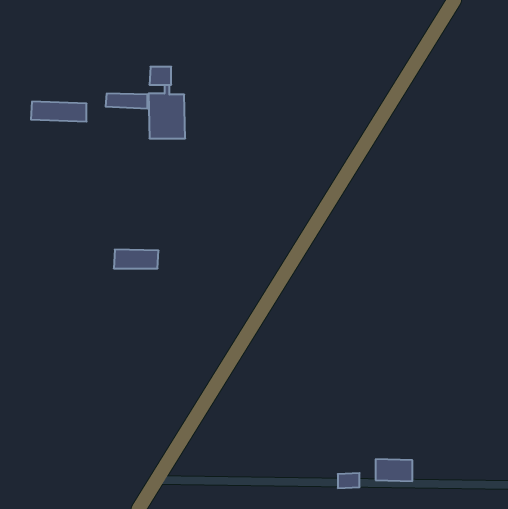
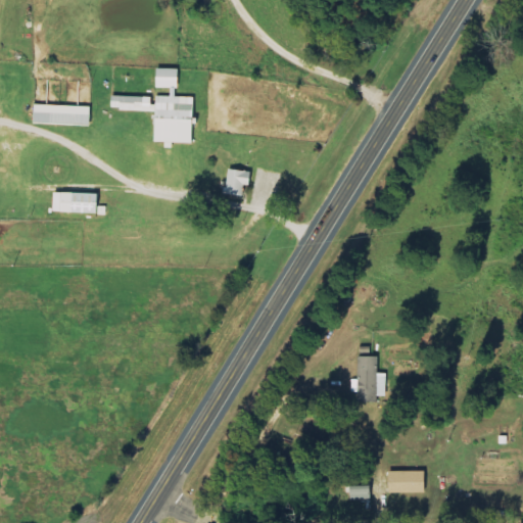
building: none -> [224,171,248,195]
building: [114,250,159,268] -> [52,193,98,212]
building: none -> [351,347,386,402]

